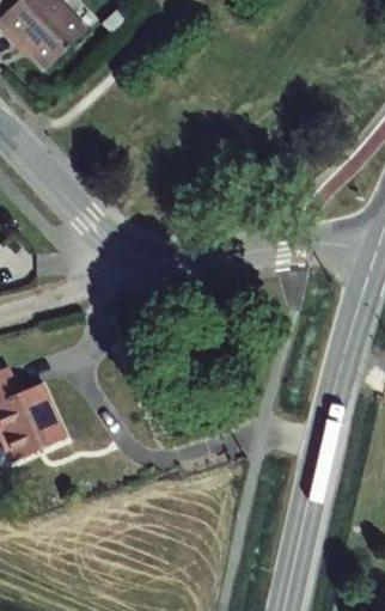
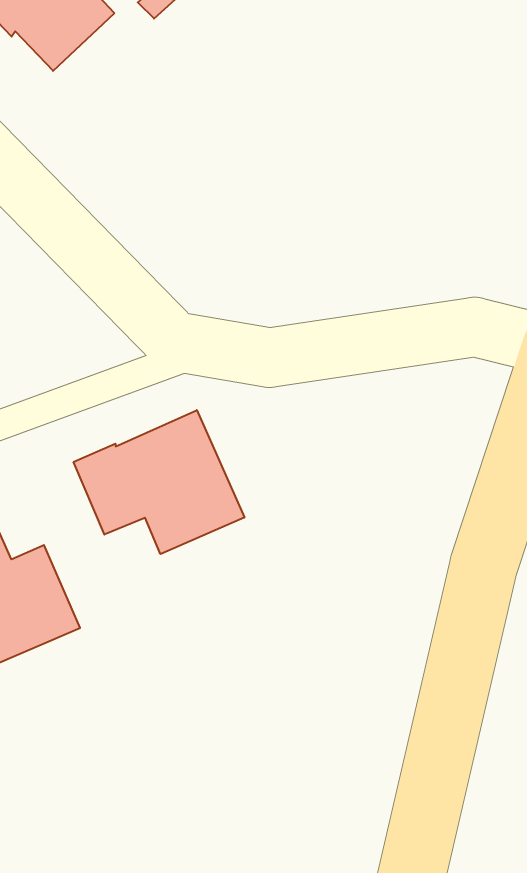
building: none -> [74,410,244,554]

